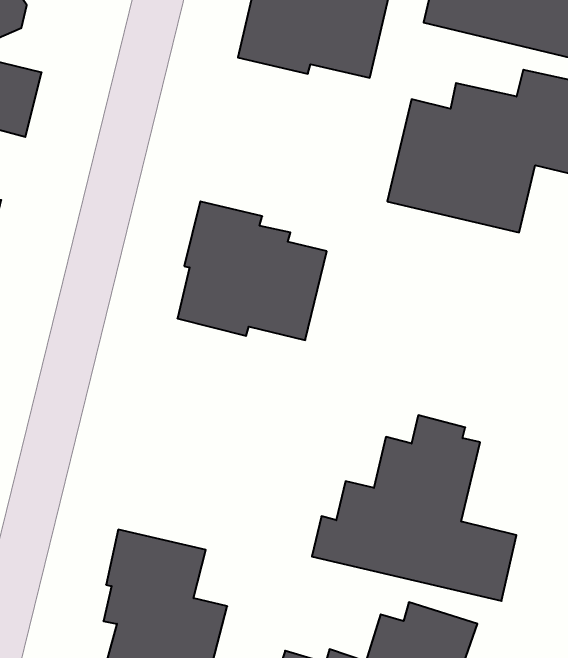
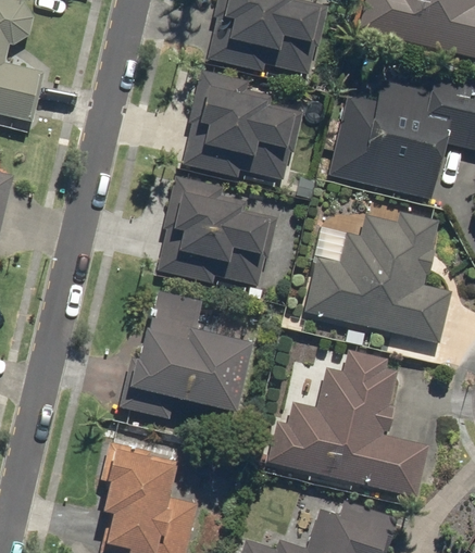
building: none -> [183,68,302,180]
building: none -> [302,210,453,343]
building: none -> [117,289,252,419]

